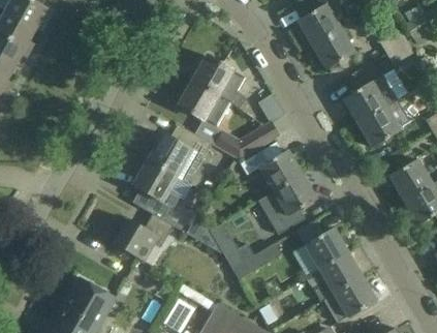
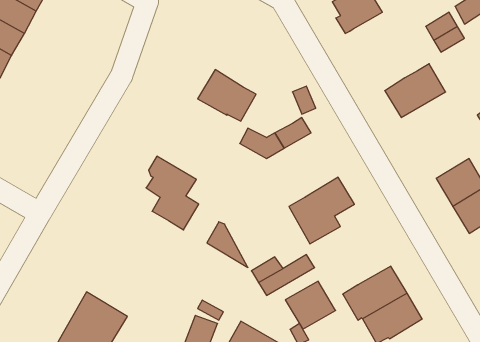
building: [312,29,354,69] -> none
building: [193,55,246,108] -> none
building: [357,99,411,147] -> none
building: [142,127,210,183] -> none
building: [240,142,302,192] -> none
building: [113,213,173,261] -> none
building: [304,228,348,270] -> [285,281,336,329]

